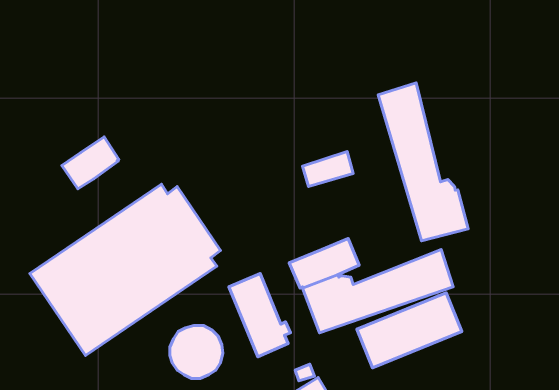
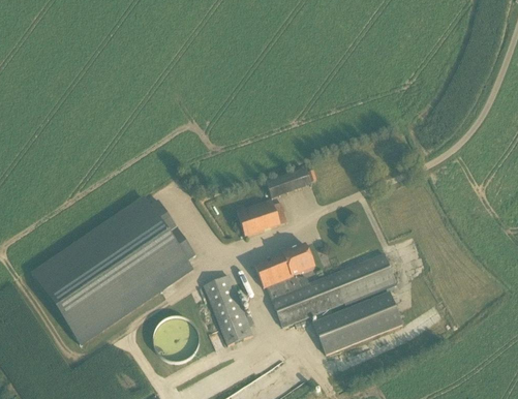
building: [378,83,468,241] -> none
building: [62,137,119,189] -> none
building: none -> [236,200,287,237]

